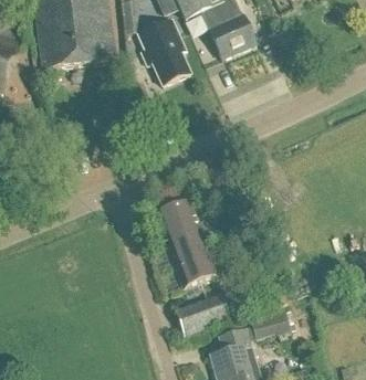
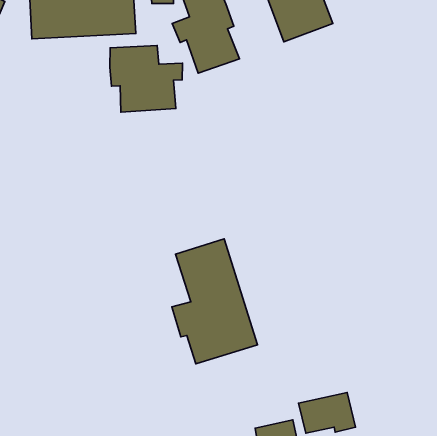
building: none -> [110,45,182,112]
building: [172,289,229,332] -> none

